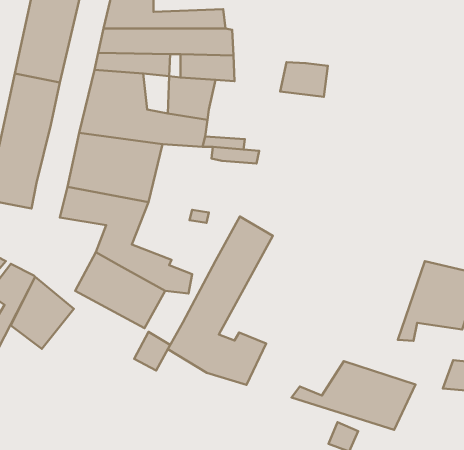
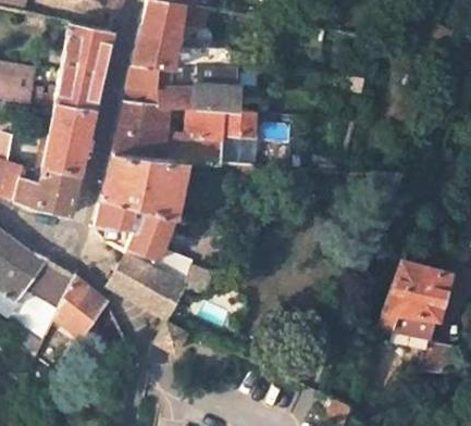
building: [280,62,328,97] -> [222,108,262,137]
building: [168,216,273,385] -> none
building: [291,361,415,430] -> none

